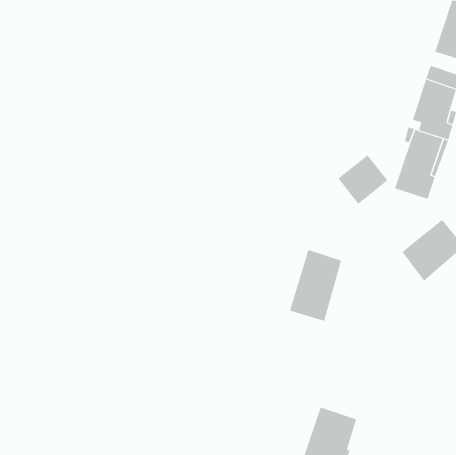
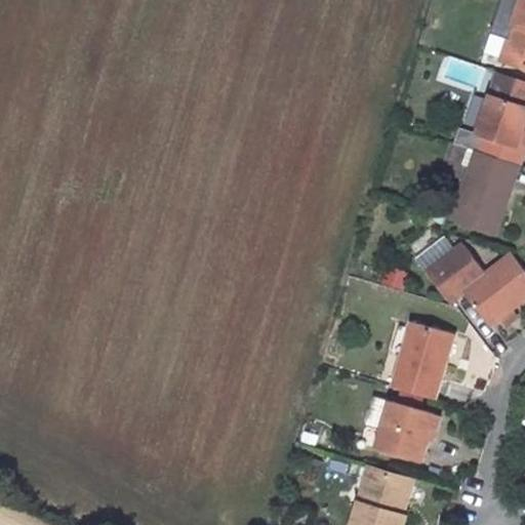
building: [337,154,388,204] -> [425,244,483,301]
building: [289,249,342,321] -> [393,316,453,399]
building: none -> [372,399,431,460]

